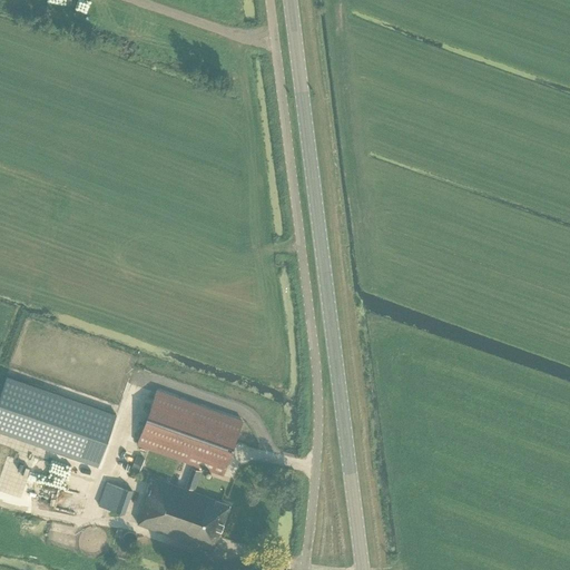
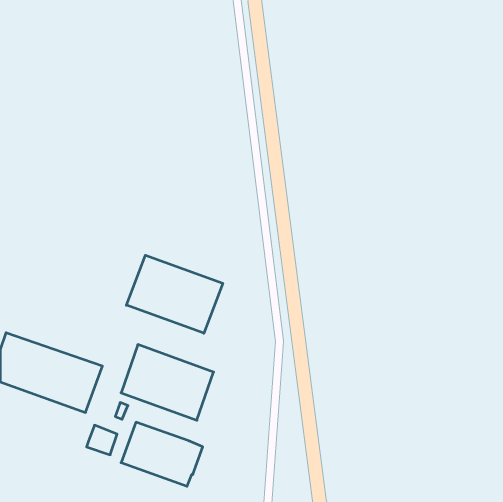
building: none -> [126,255,223,333]

